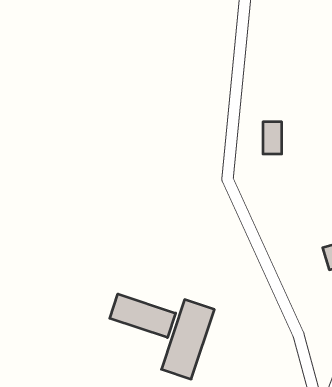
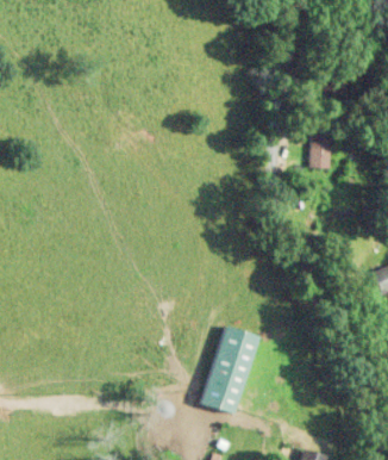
building: [110,294,176,338] -> none

